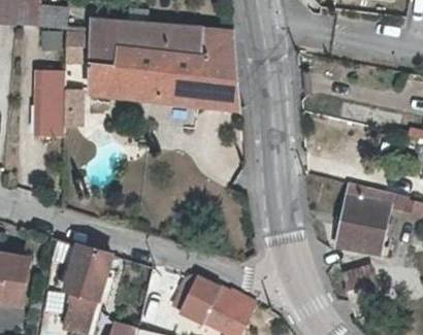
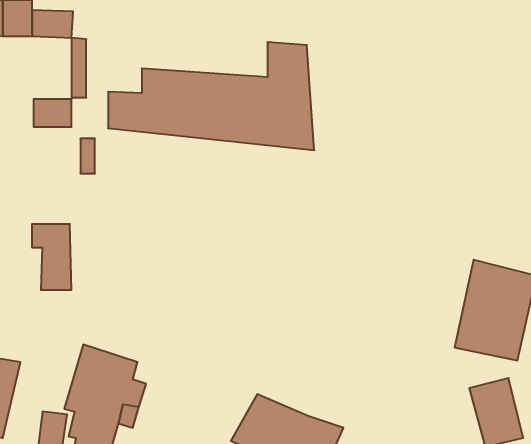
building: [91,8,203,66] -> none
building: [38,90,66,136] -> [32,224,71,290]

